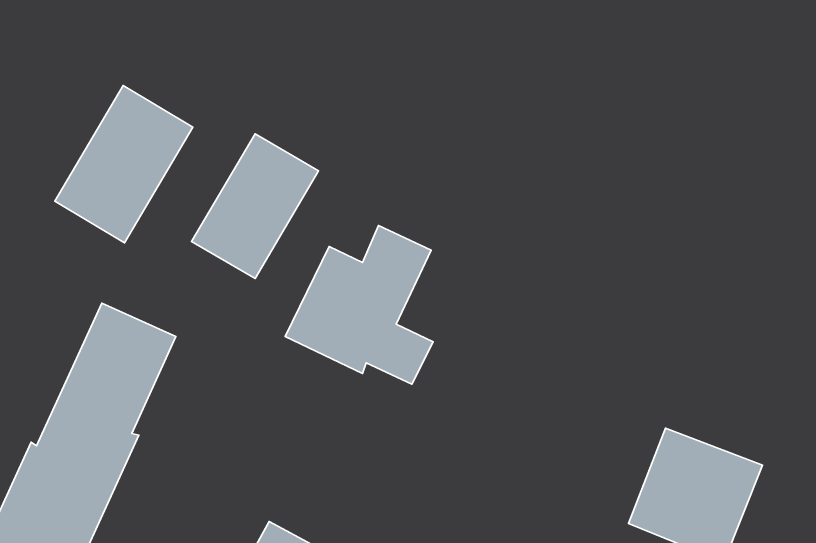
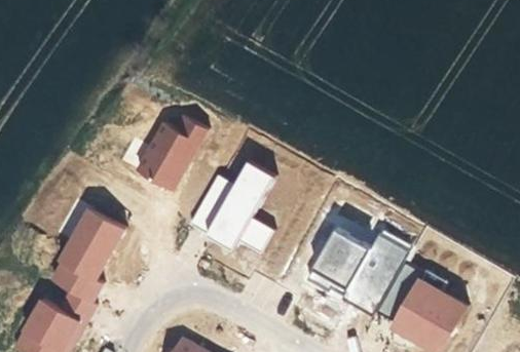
building: [55,85,193,243] -> none
building: none -> [307,225,409,313]

